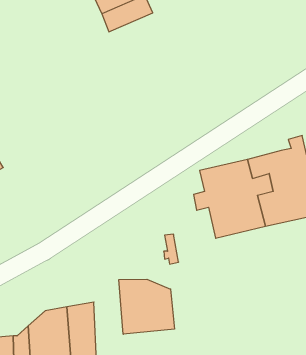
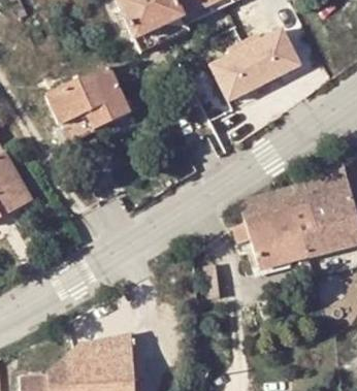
building: none -> [209,34,302,107]
building: none -> [46,60,130,135]
building: [119,279,174,334] -> none

